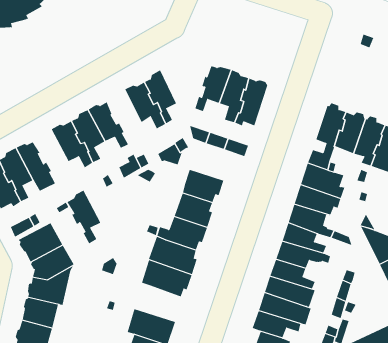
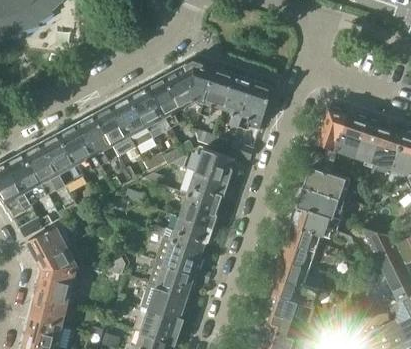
building: none -> [166,62,215,109]
building: none -> [114,95,152,149]
building: none -> [194,149,233,184]
building: [66,190,101,244] -> [42,134,76,187]
building: none -> [139,284,186,322]

